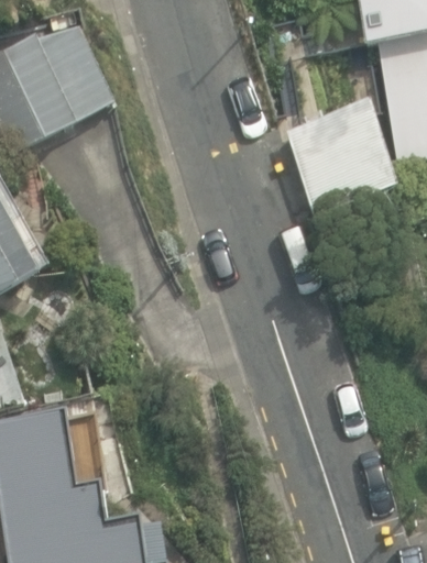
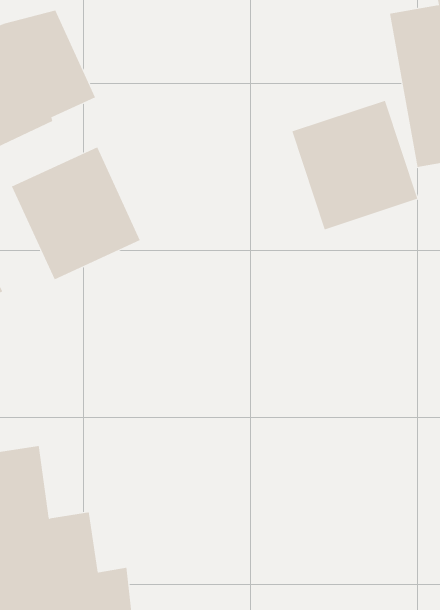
building: none -> [11,146,141,280]

